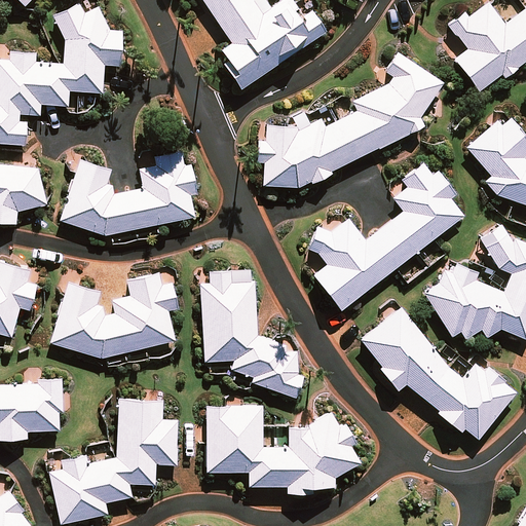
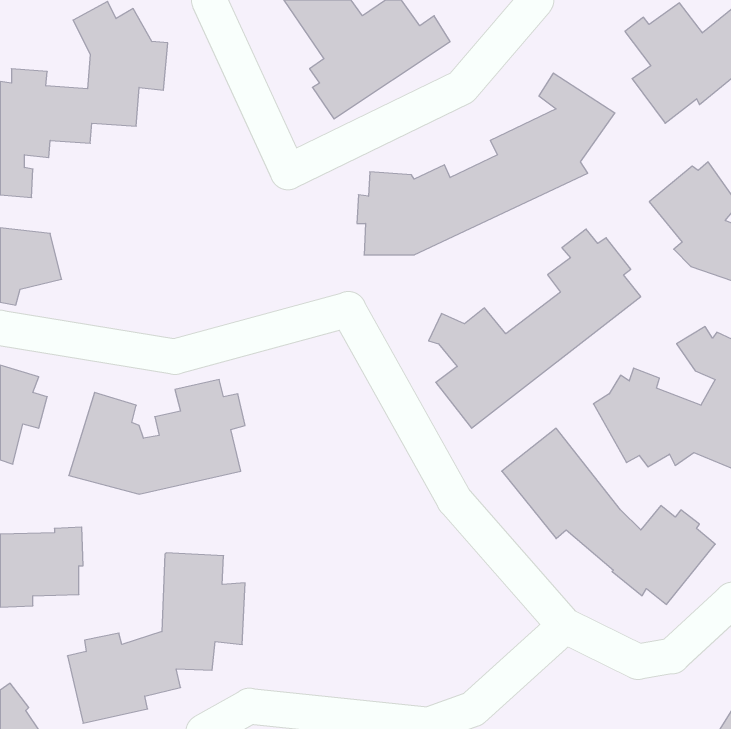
building: [62,153,195,233] -> none
building: [201,272,302,396] -> none
building: [208,407,359,492] -> none

